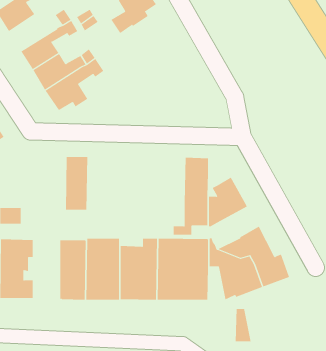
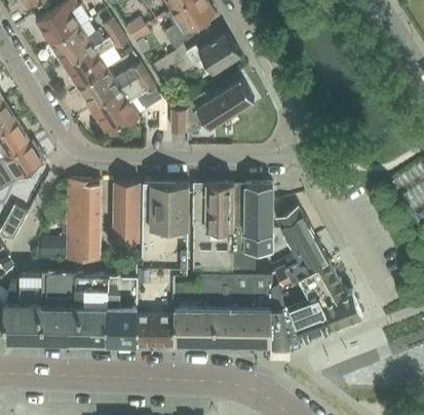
building: none -> [50,27,104,68]
building: none -> [185,35,240,76]
building: none -> [171,81,254,134]
building: none -> [67,182,100,263]
building: none -> [136,184,188,276]
building: none -> [192,185,233,271]
building: none -> [275,239,327,287]
building: none -> [68,276,107,341]
building: [235,308,251,342] -> [271,306,290,343]

